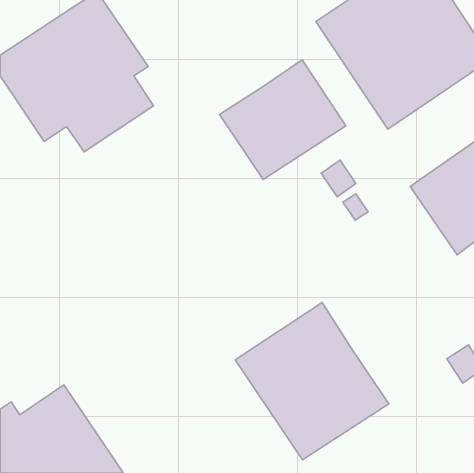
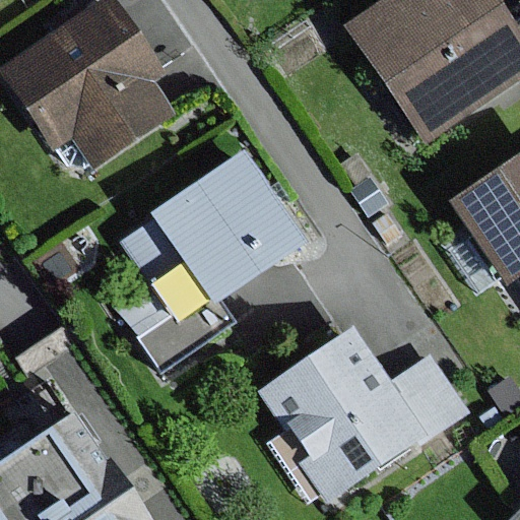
building: [220,60,346,180] -> none
building: none -> [116,150,307,367]
building: none -> [388,351,469,438]

